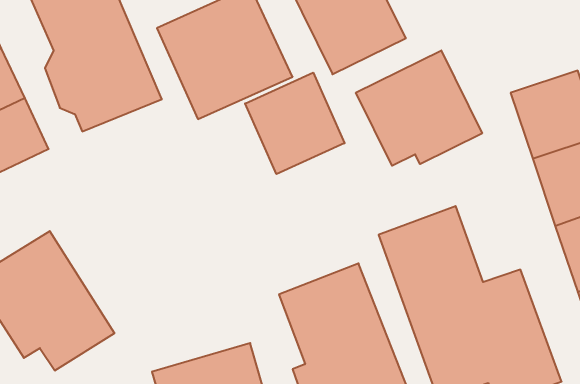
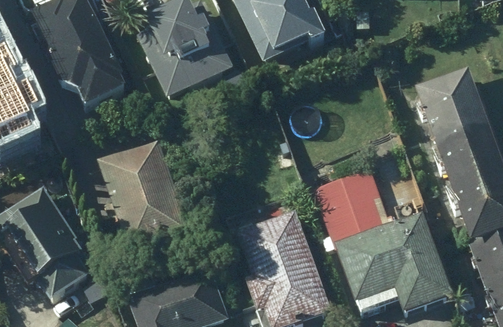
building: [356,50,482,166] -> none
building: [245,73,345,174] -> none
building: none -> [92,146,186,262]

